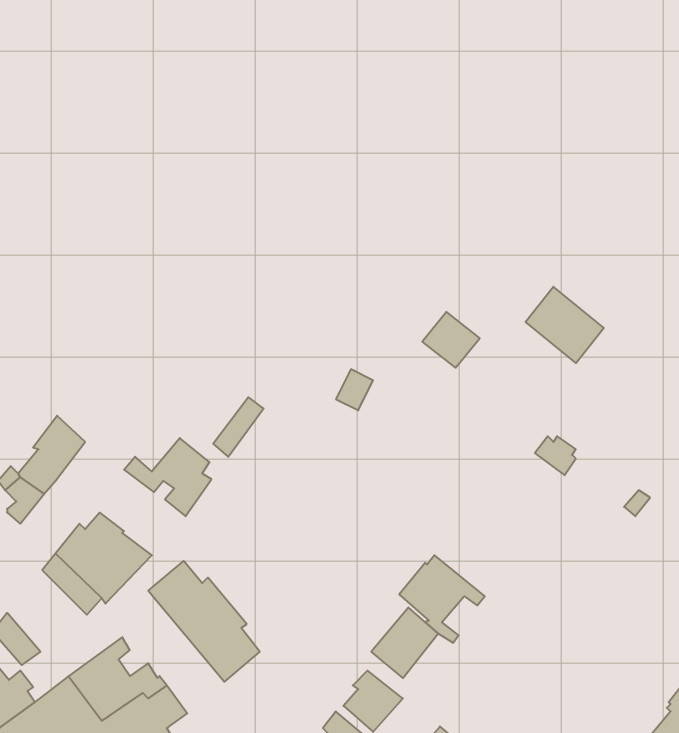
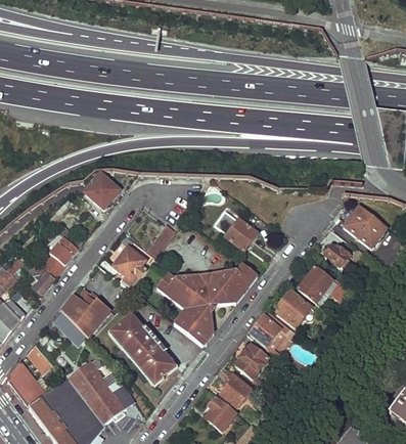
building: [526,287,604,363] -> [344,206,387,248]
building: none -> [84,175,116,209]
building: [422,312,480,368] -> [226,217,258,248]
building: none -> [156,262,258,344]
building: none -> [298,267,347,306]
building: none -> [274,292,315,326]

